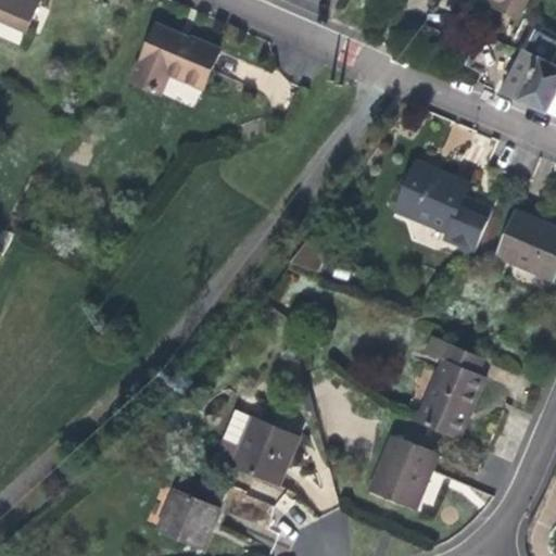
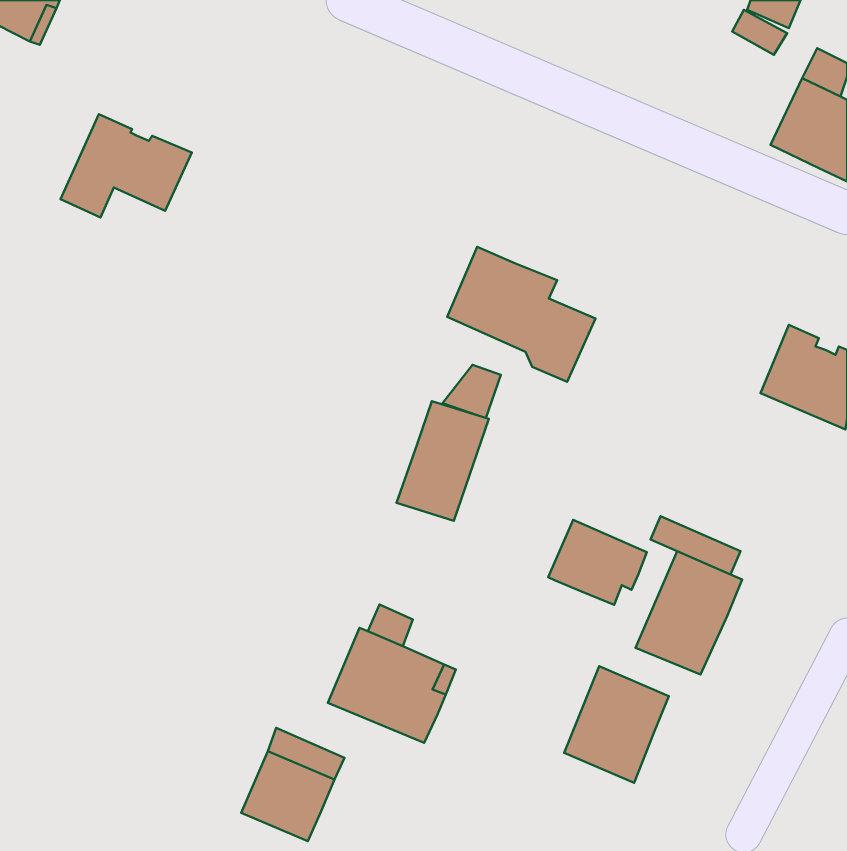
building: [131,25,217,92] -> [60,114,192,218]
building: [395,164,492,252] -> [447,247,595,382]
building: none -> [397,401,489,521]
building: none -> [548,520,647,605]

